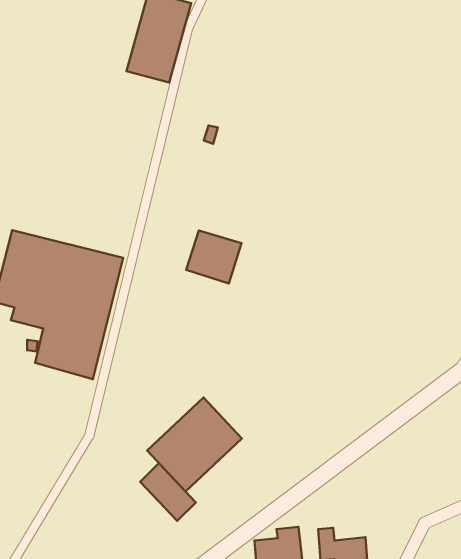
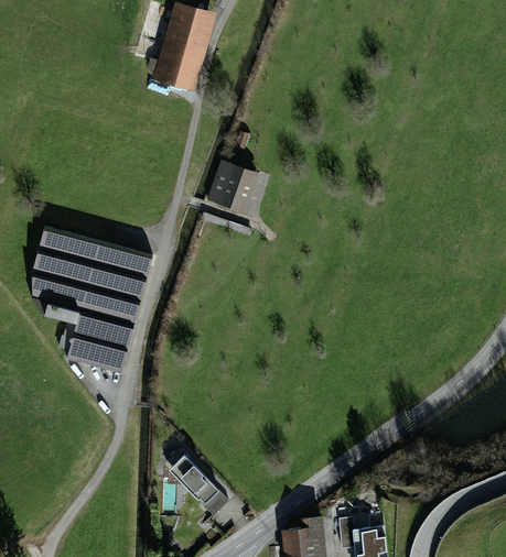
building: [186,231,242,284] -> [207,161,260,211]
building: [147,397,242,492] -> none

